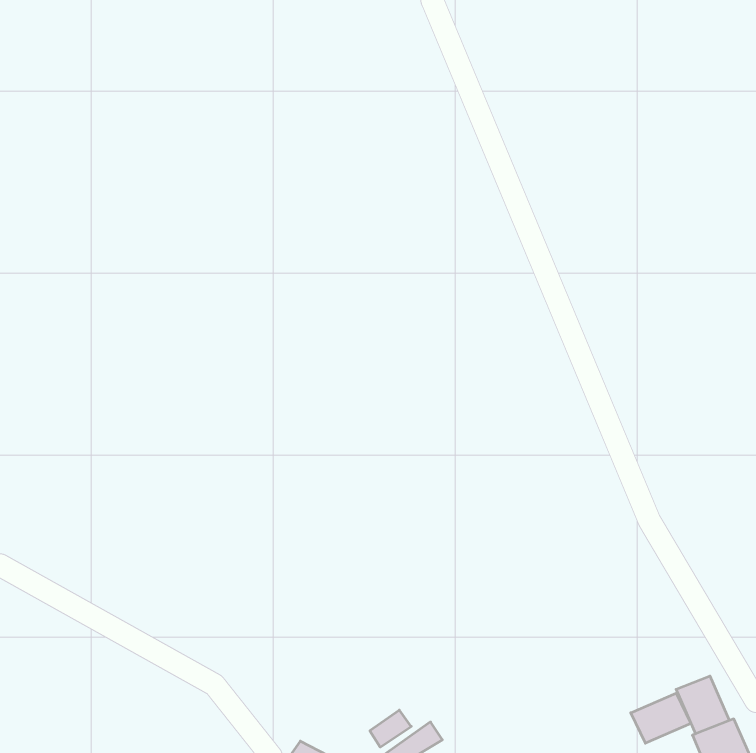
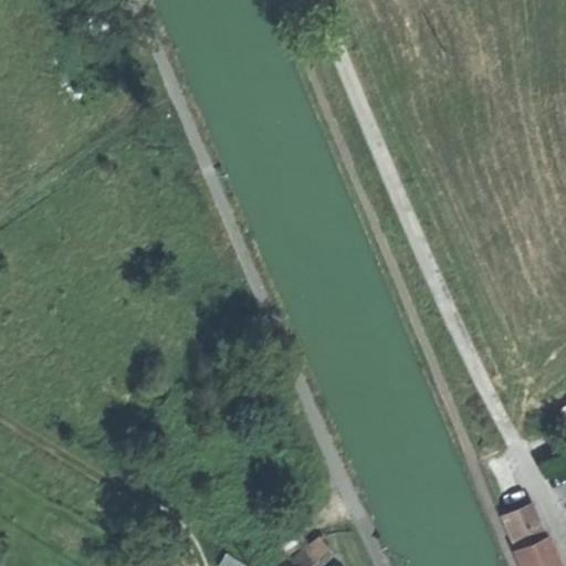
building: [631,693,691,743] -> none

